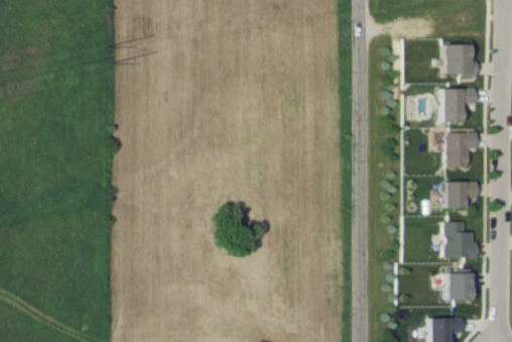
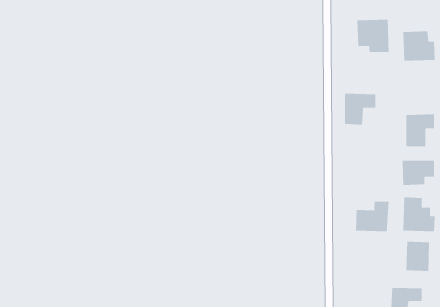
building: none -> [357,19,389,53]
building: [442,88,477,122] -> [344,93,376,125]
building: none -> [356,201,389,232]

